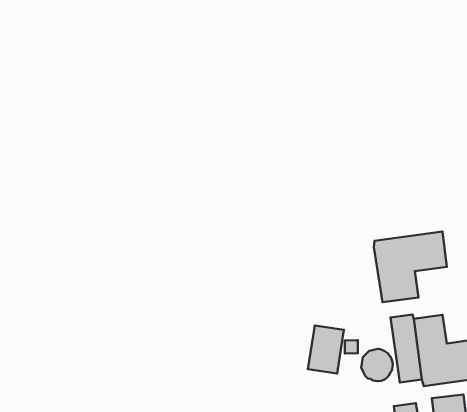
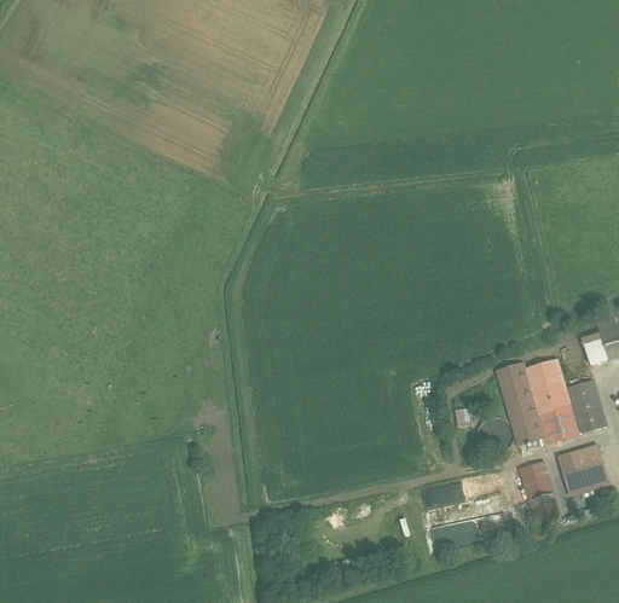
building: [374,231,447,302] -> none
building: [308,325,344,374] -> none

